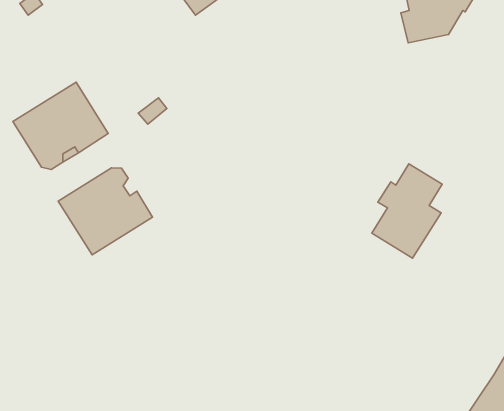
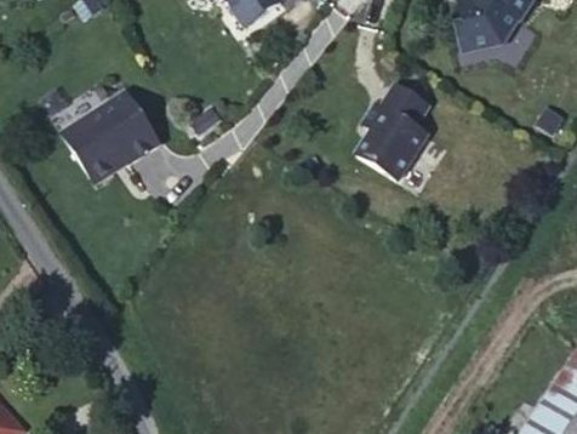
building: [372,164,442,258] -> [358,84,429,179]
building: [58,168,153,255] -> none

